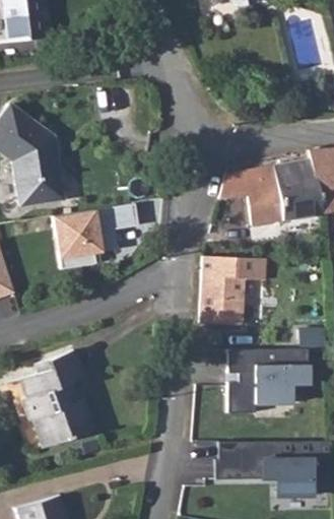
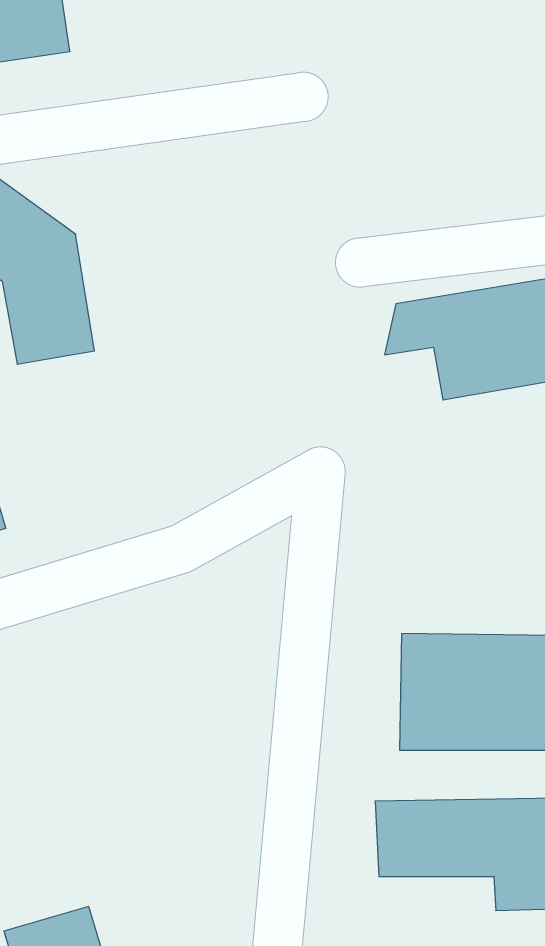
building: [52,204,139,269] -> none
building: [199,256,267,325] -> none
building: [18,350,92,447] -> none

